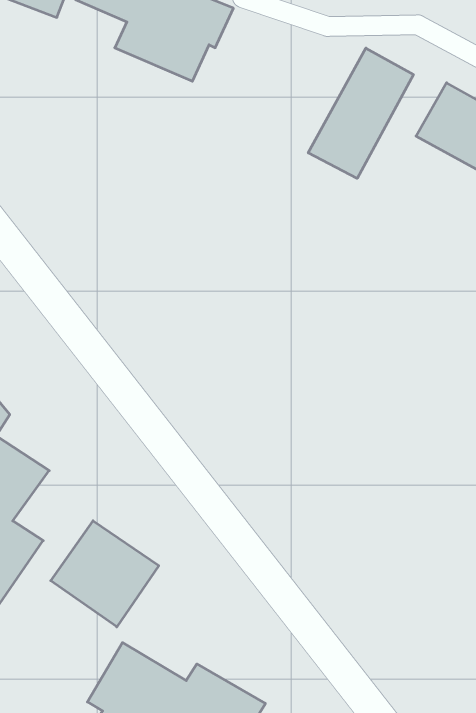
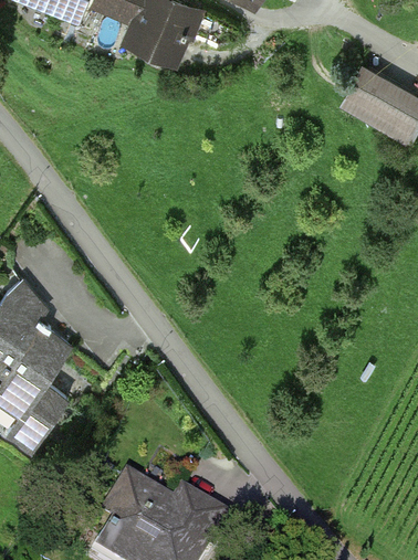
building: [308,48,413,178] -> none
building: [51,521,159,627] -> none

